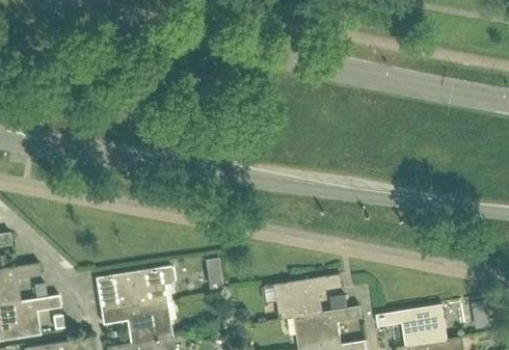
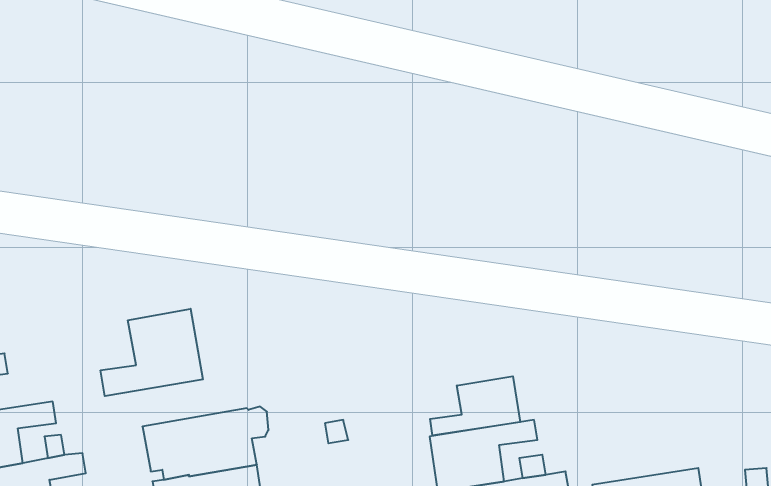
building: none -> [101,309,203,396]
building: none -> [430,376,520,436]

